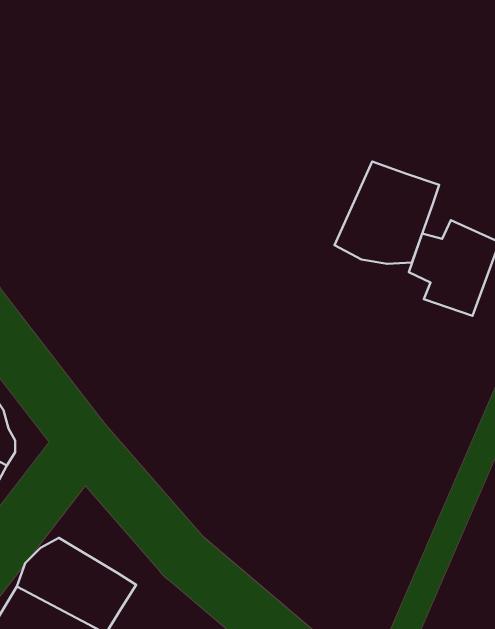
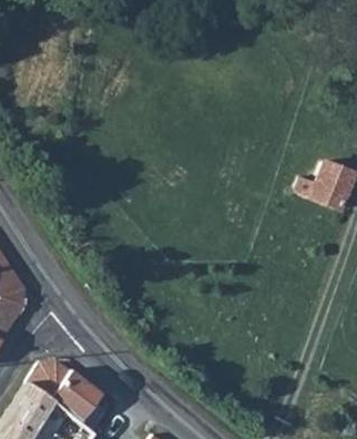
building: [335,161,439,264] -> none

